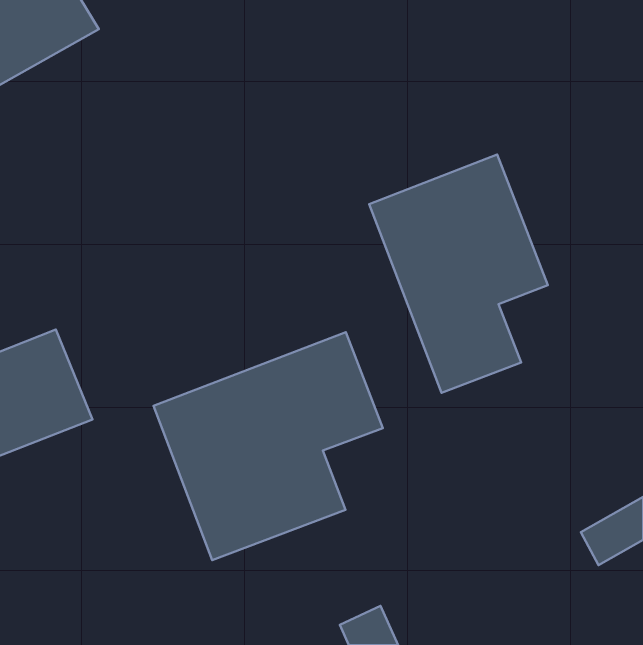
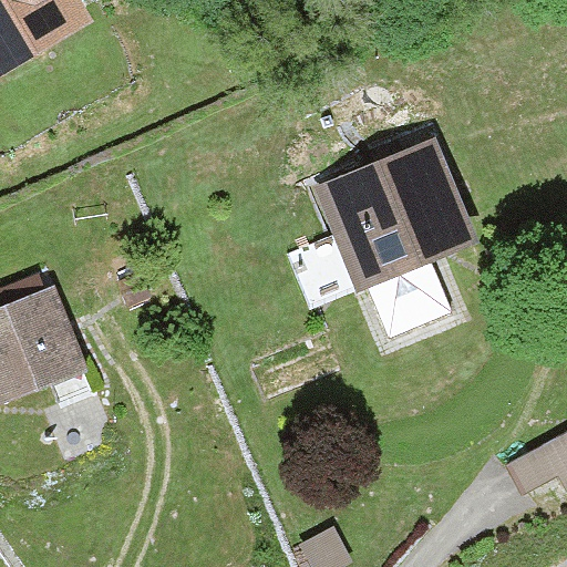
building: [153,332,383,560] -> none

